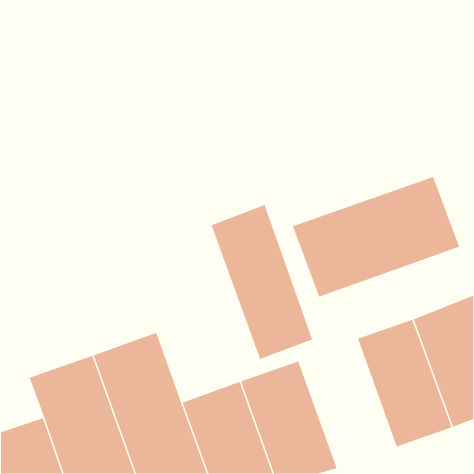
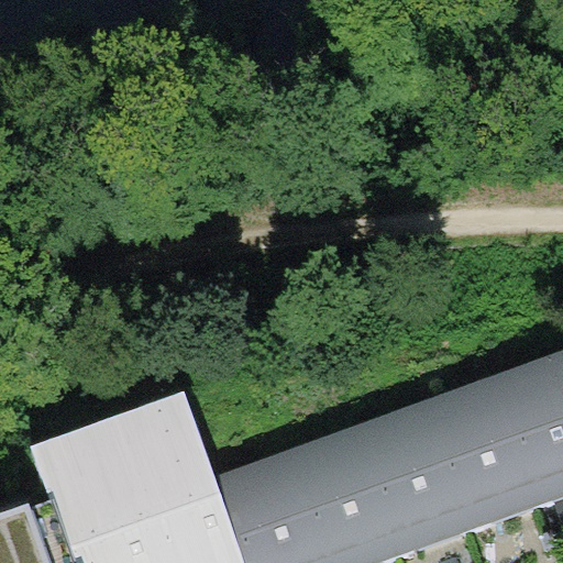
building: [292,176,460,298] -> none
building: [211,204,313,360] -> none
building: none -> [354,401,470,555]

